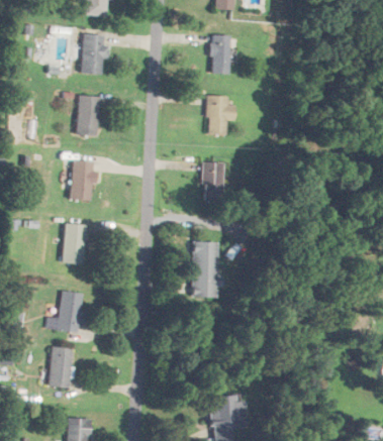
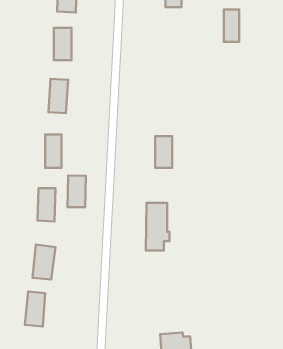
building: [211,34,229,73] -> [224,9,239,42]
building: [206,95,235,134] -> none
building: none -> [67,176,86,207]

